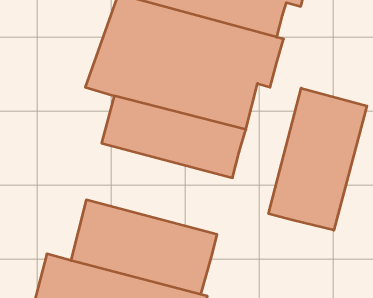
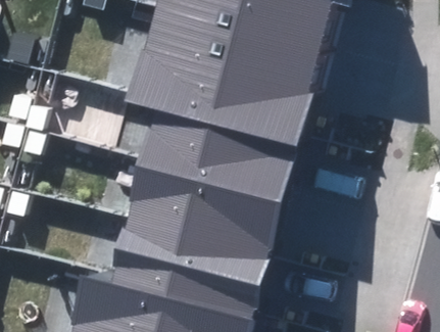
building: [269,88,367,230] -> none
building: none -> [124,161,279,258]

